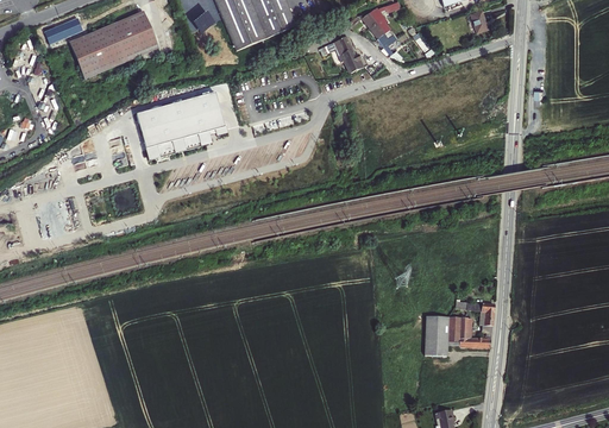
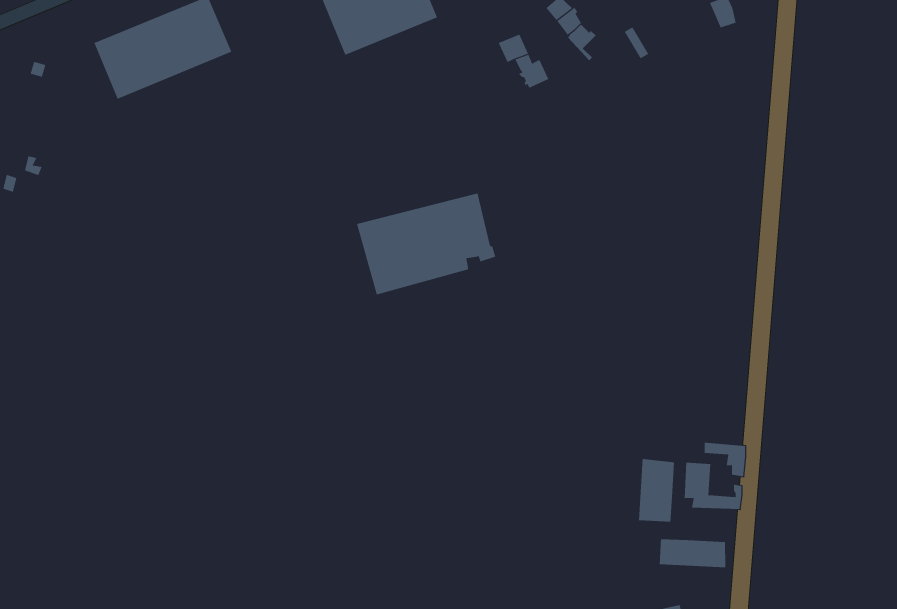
building: [136,94,227,160] -> [356,193,496,295]
building: none -> [659,538,726,568]

